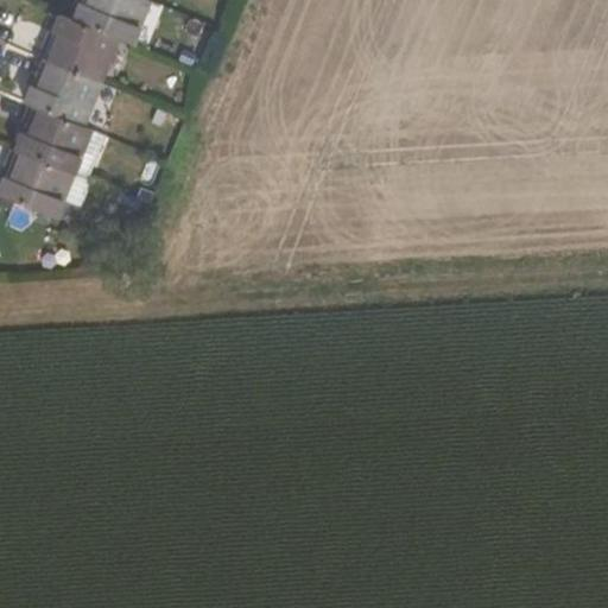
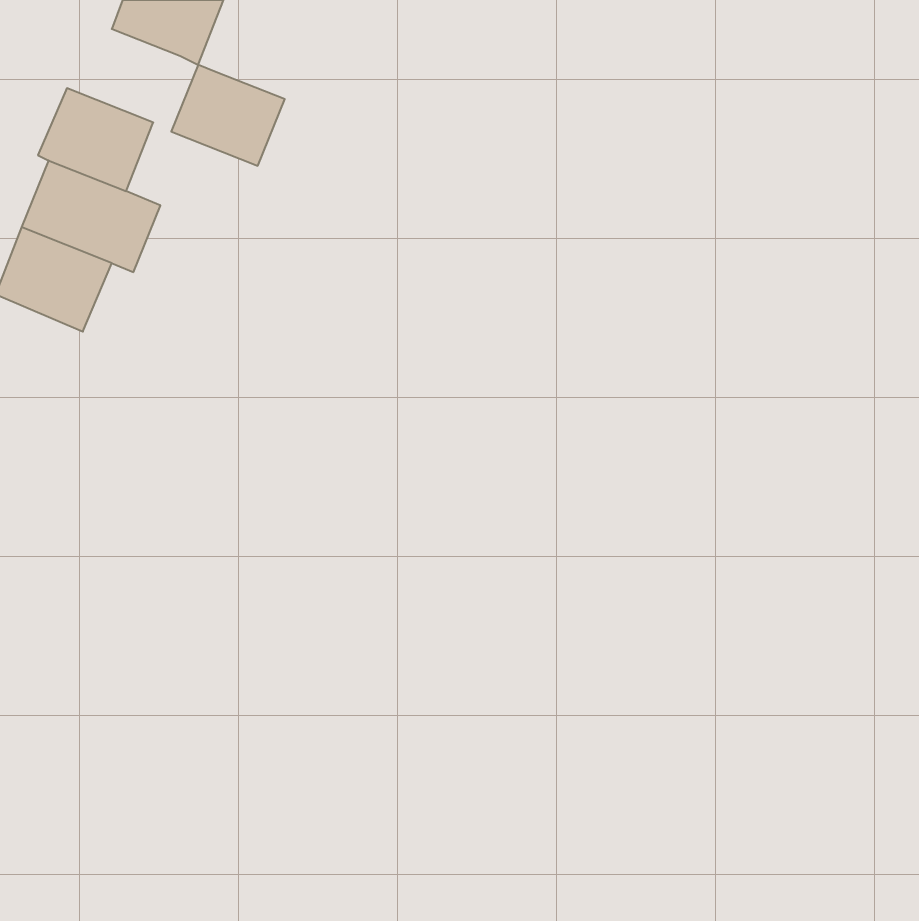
building: [44,14,119,81] -> [171,65,285,166]

